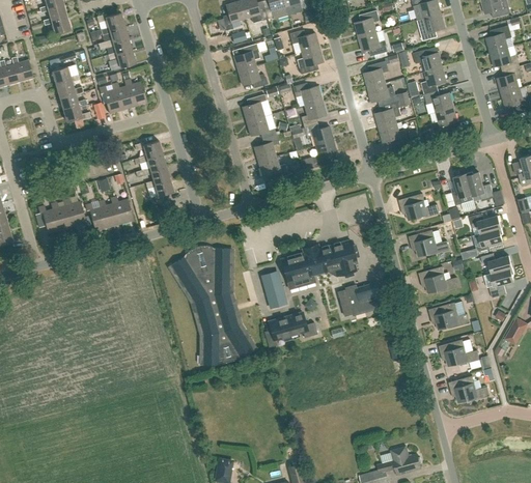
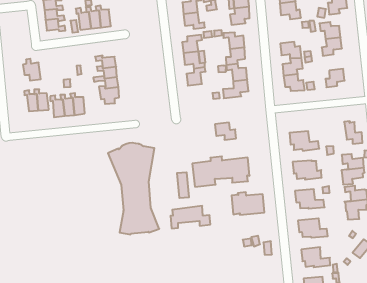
building: [363,61,389,88] -> none
building: [424,90,453,112] -> none
building: [258,157,288,179] -> [215,123,236,140]
building: [452,174,474,205] -> none
building: [35,205,61,233] -> [23,59,41,81]

